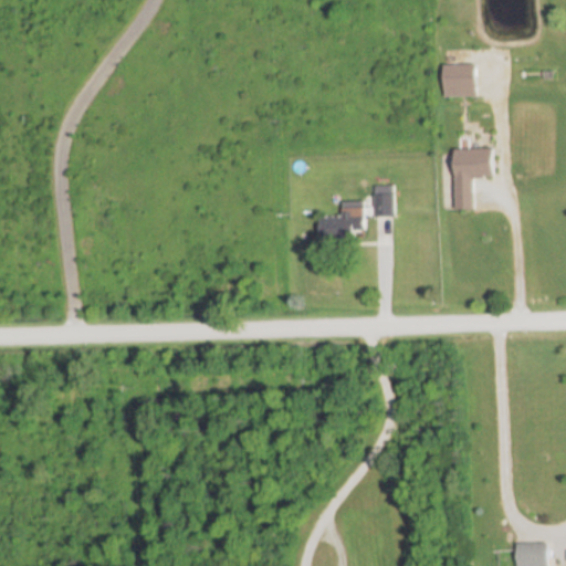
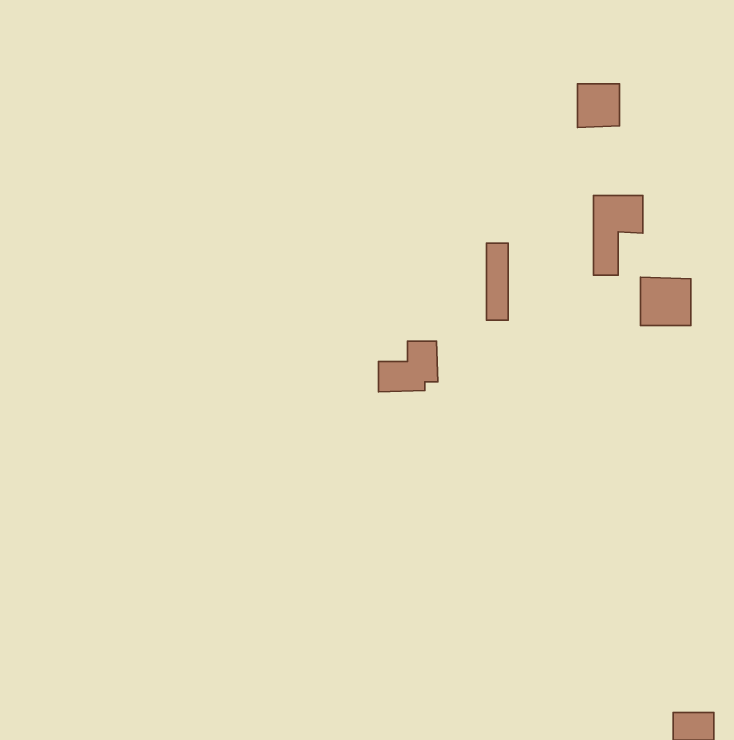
building: [316,201,361,240] -> [379,341,438,392]
building: none -> [641,277,691,325]

